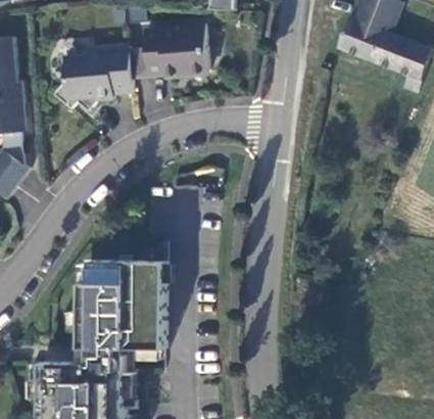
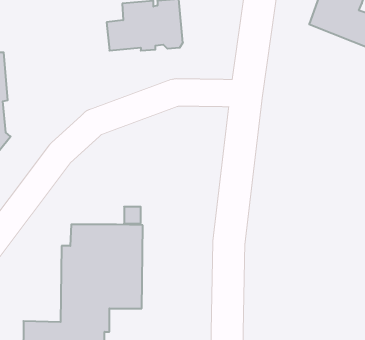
building: [54,45,133,106] -> none

